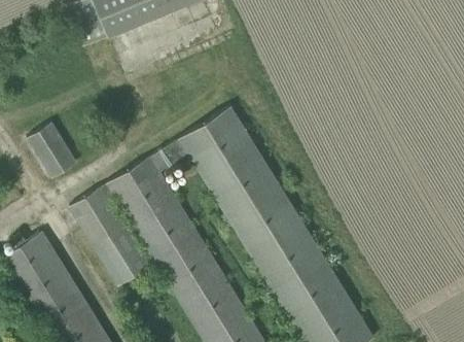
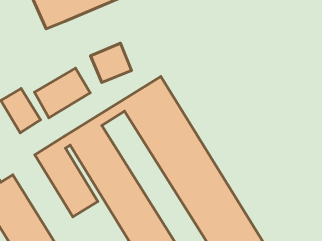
building: none -> [91,43,132,83]
building: none -> [34,68,90,118]

